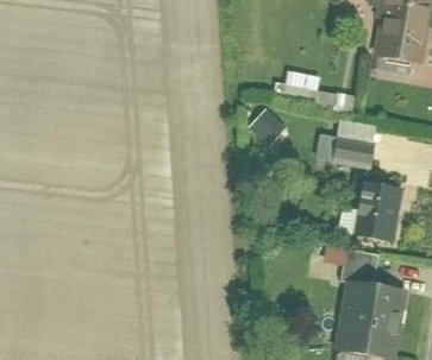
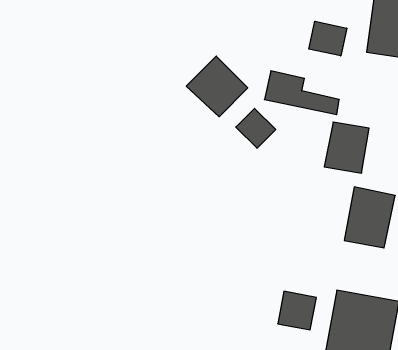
building: none -> [309,21,347,56]
building: none -> [186,56,248,117]
building: [342,248,378,285] -> [278,291,316,330]

